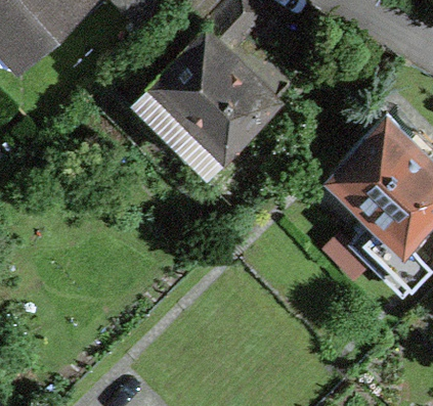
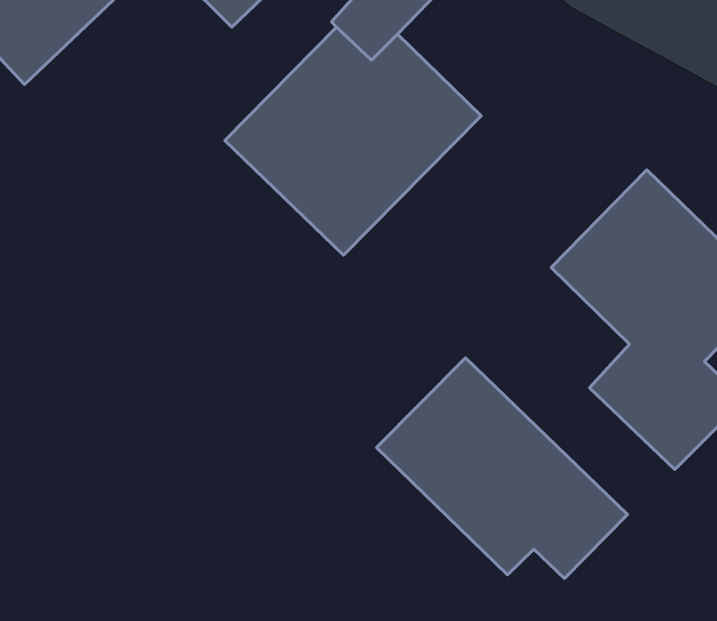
building: none -> [376,358,627,579]

